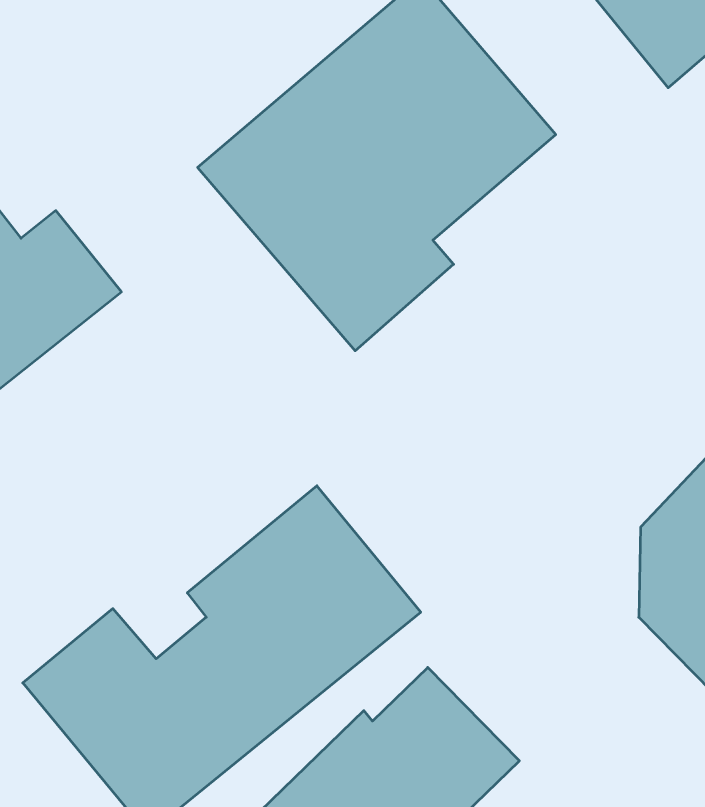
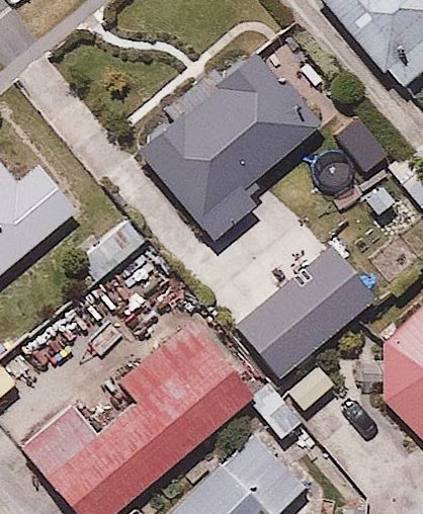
building: none -> [238,250,371,377]

